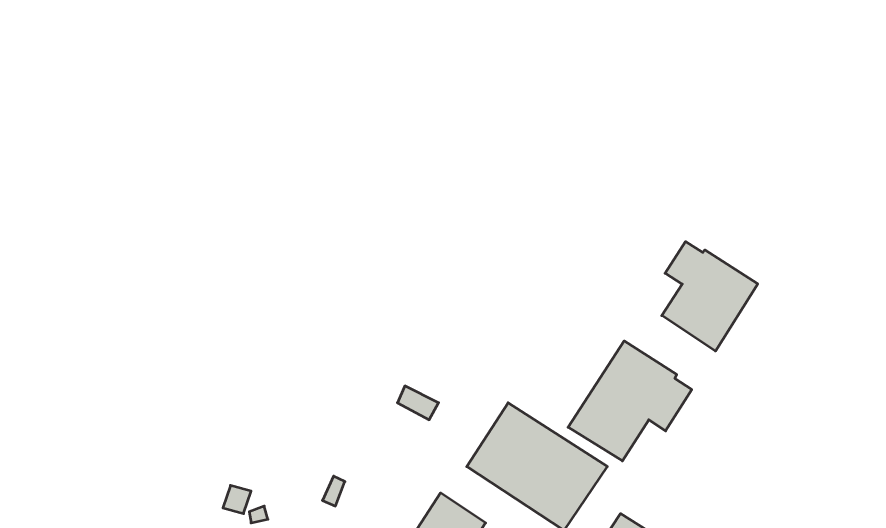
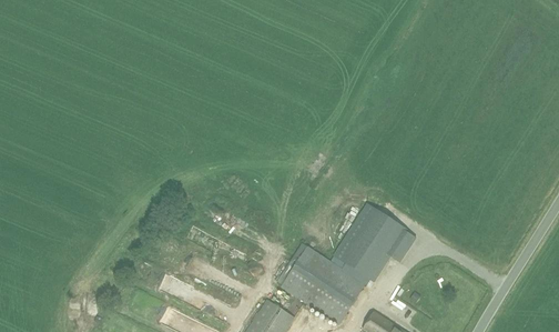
building: [662,242,758,351] -> none

